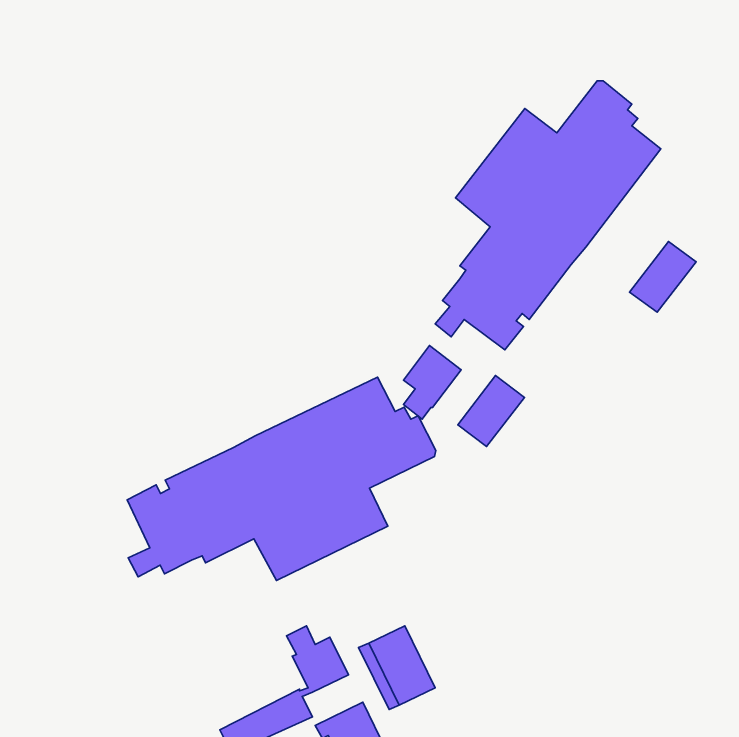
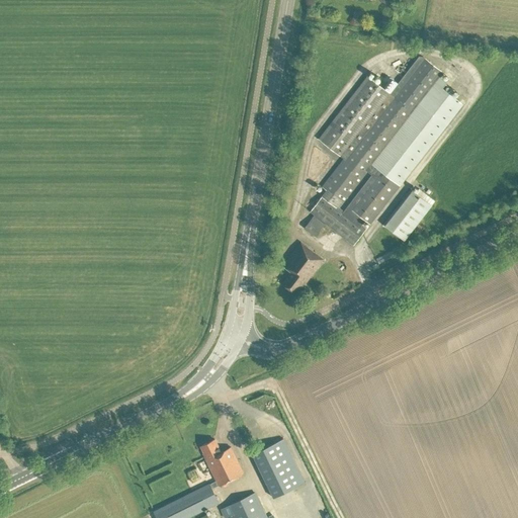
building: [630,242,696,312] -> [385,191,432,241]
building: [458,376,524,447] -> none
building: [127,377,436,581] -> none

